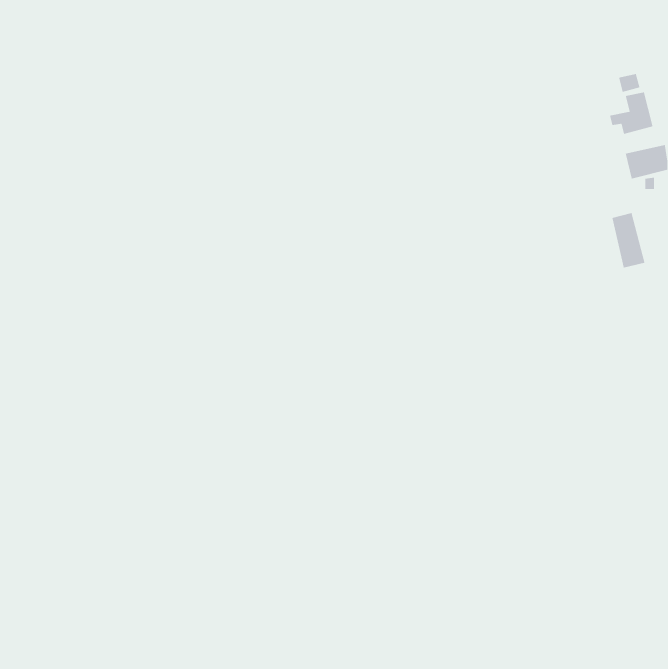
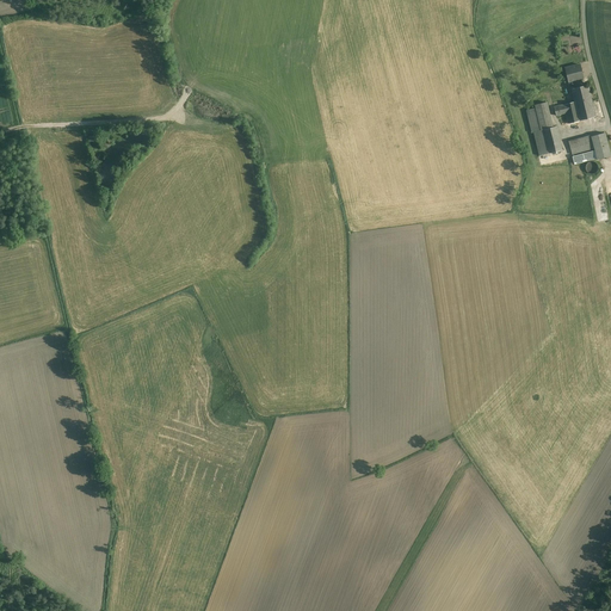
building: [611,212,645,268] -> [526,105,557,156]

